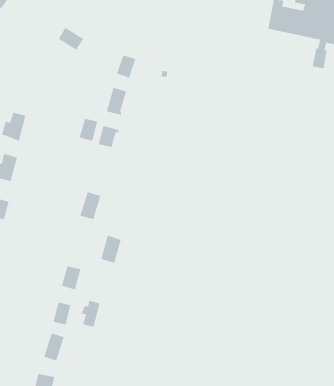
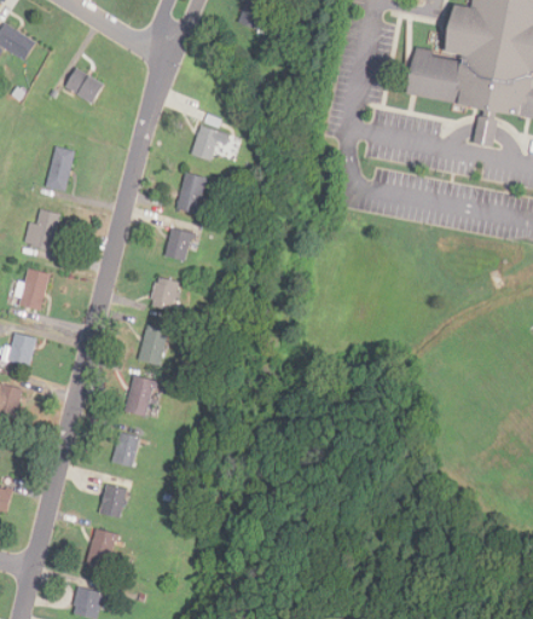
building: [58,27,84,51] -> [66,68,104,102]
building: none -> [45,146,75,191]
building: [79,118,98,142] -> [151,277,179,311]
building: [100,235,121,263] -> [124,375,155,416]
building: [81,300,100,328] -> none

